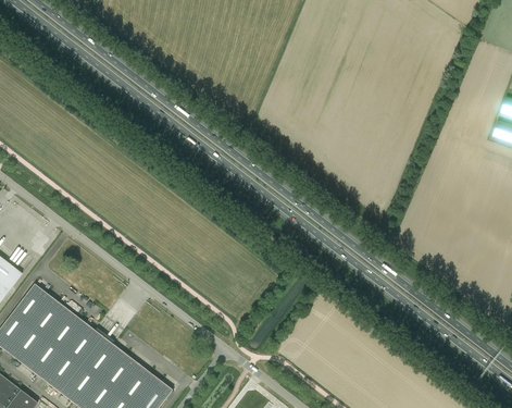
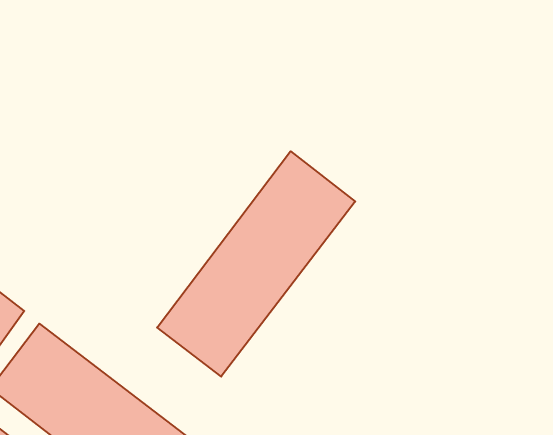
building: none -> [157,151,355,377]

